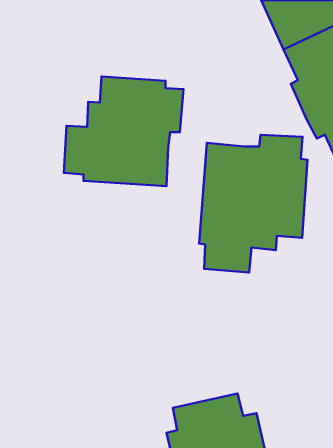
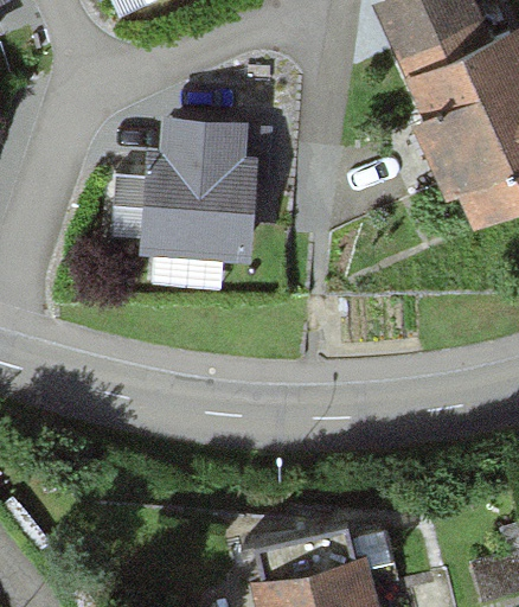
building: [199,135,308,273] -> none

